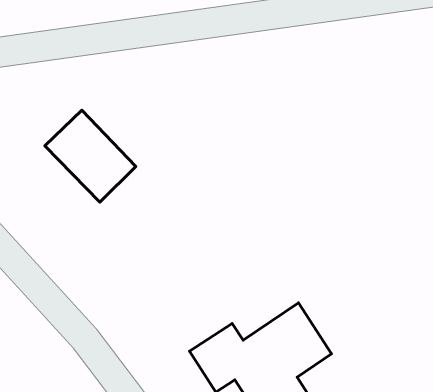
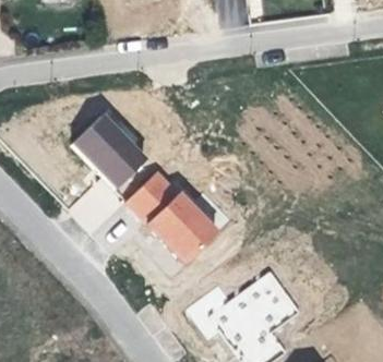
building: none -> [125,170,217,262]

